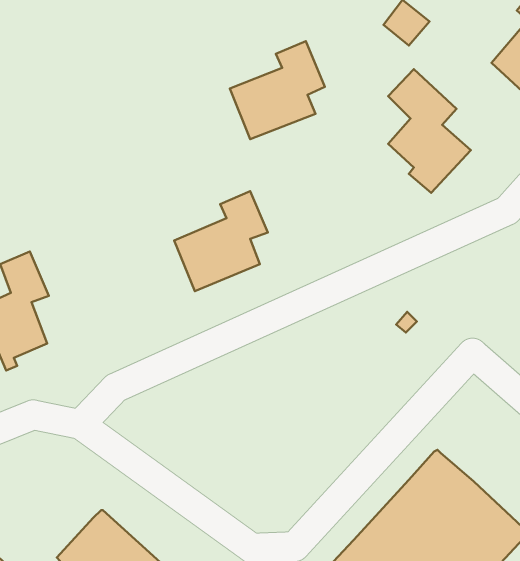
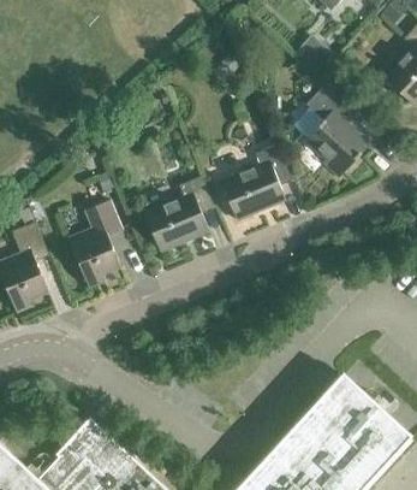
building: [230,41,325,139] -> [221,146,293,220]
building: none -> [68,201,123,288]

